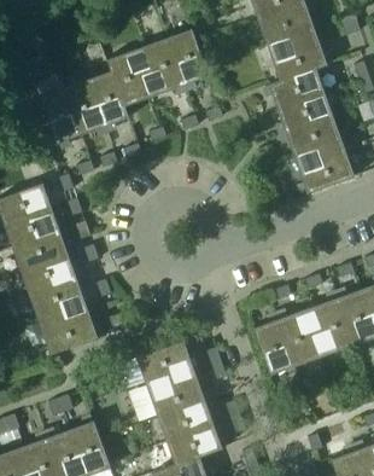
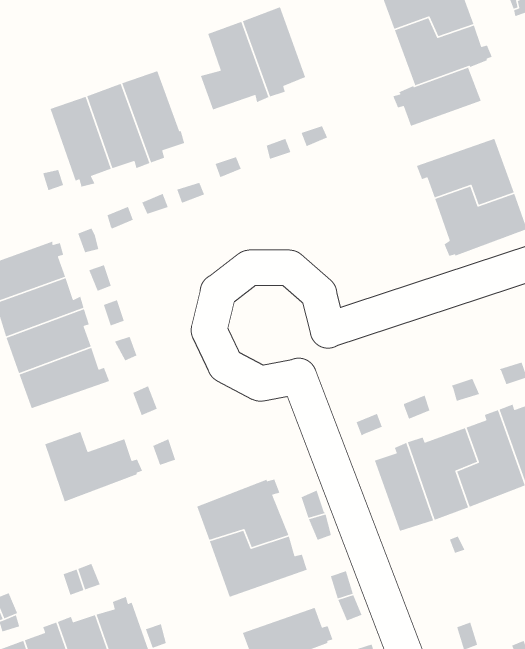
building: [107,46,153,110] -> none
building: [279,91,334,133] -> none
building: [29,275,90,321] -> none
building: [159,400,216,441] -> none

